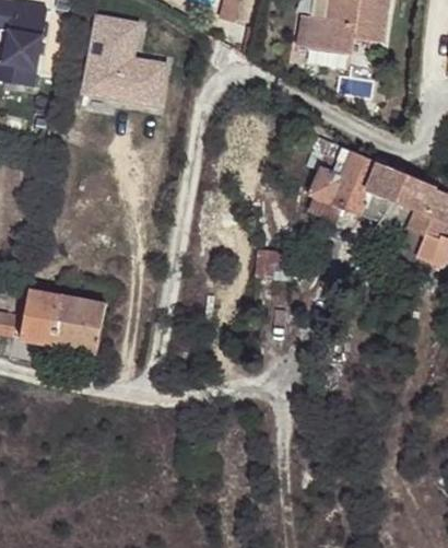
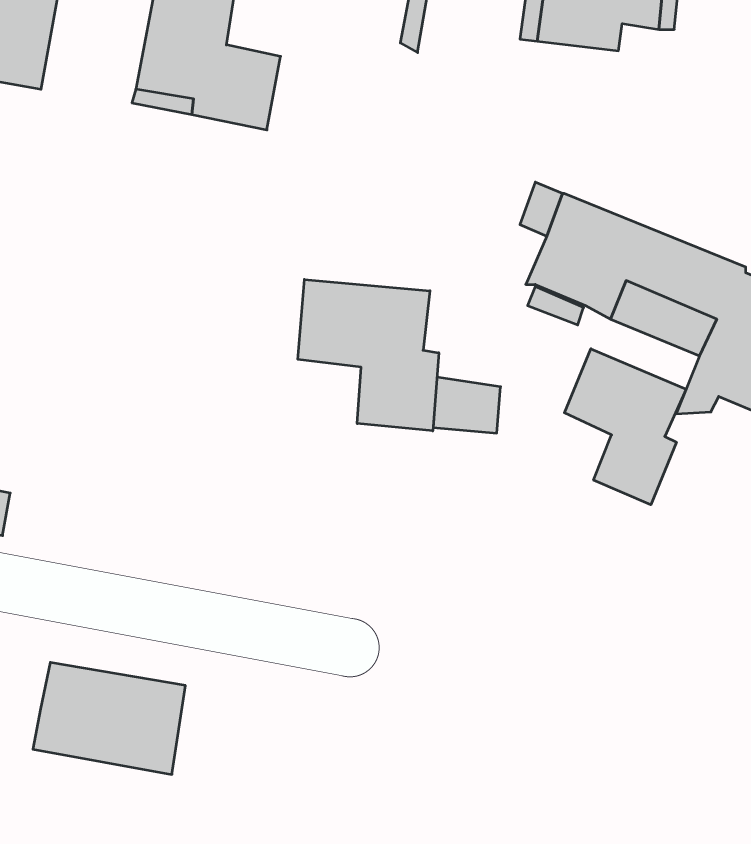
building: none -> [298,279,439,431]
building: none -> [564,349,686,505]
building: [17,287,104,350] -> [33,662,185,774]

